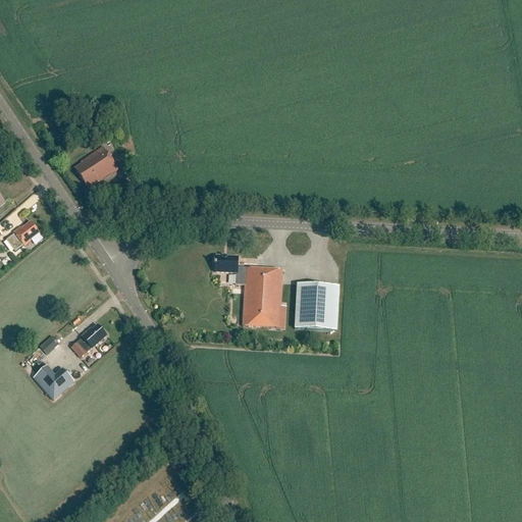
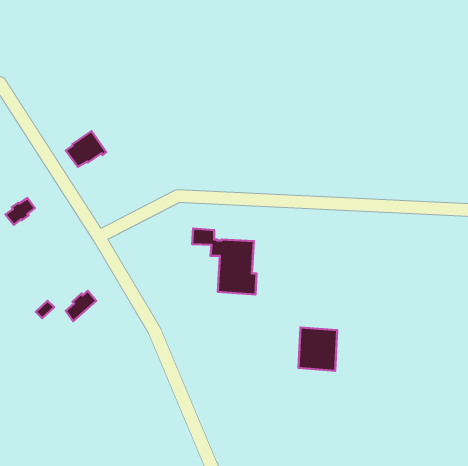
building: [295,282,337,330] -> [299,328,337,371]
building: [34,363,74,399] -> none

